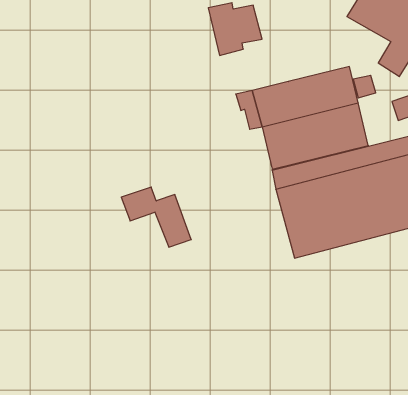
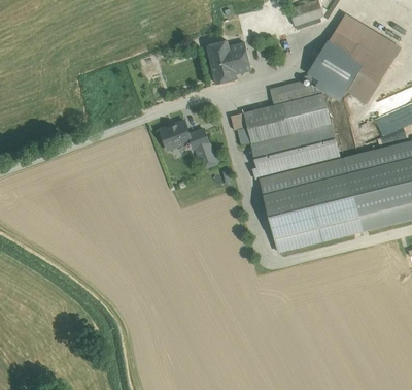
building: none -> [311,52,357,91]
building: none -> [269,80,323,105]
building: [121,187,191,247] -> [160,121,217,170]

